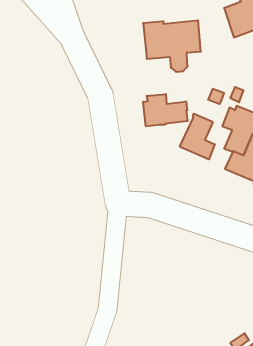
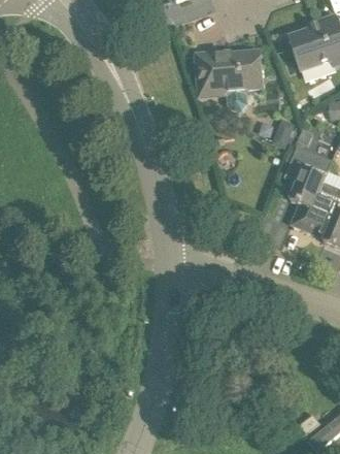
building: [143,94,187,126] -> none
building: [180,114,215,159] -> none

